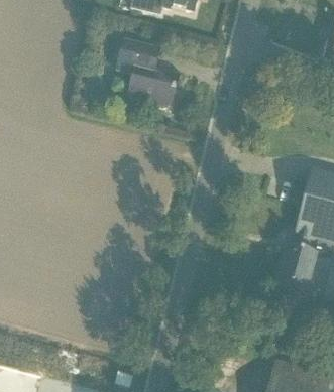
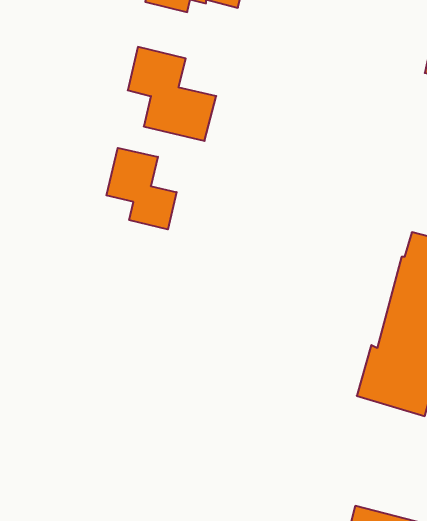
building: none -> [106,148,177,229]

